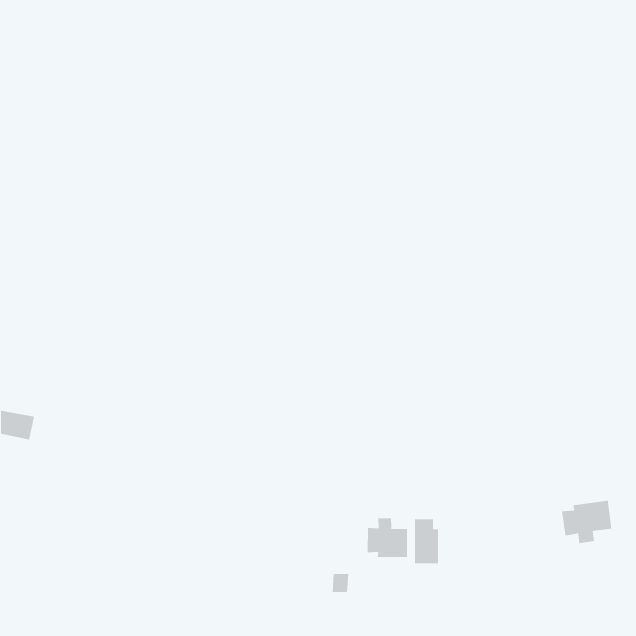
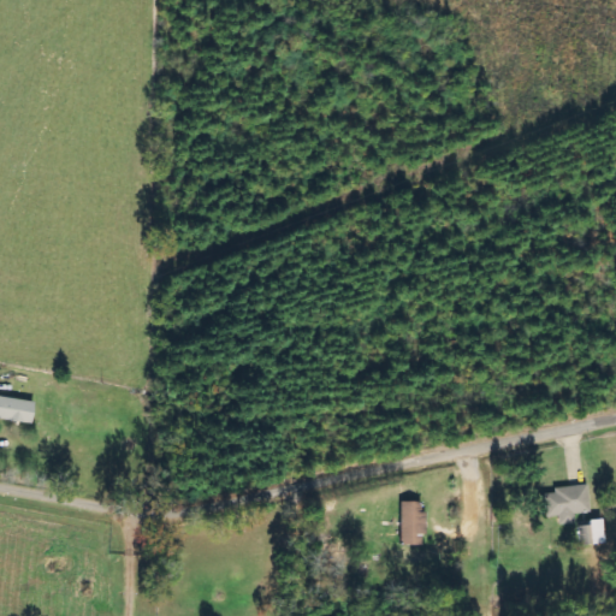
building: [367,517,408,558] -> none
building: none -> [580,520,604,544]

